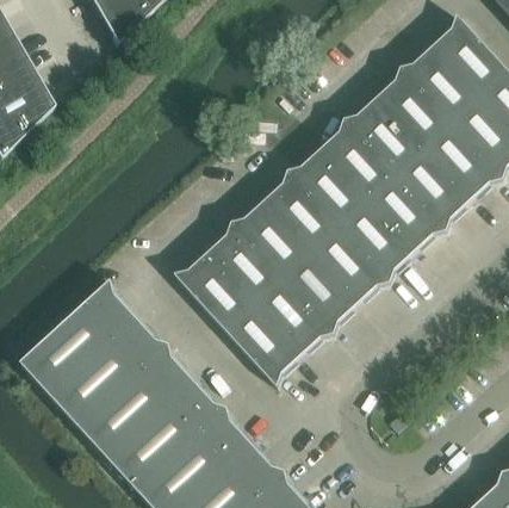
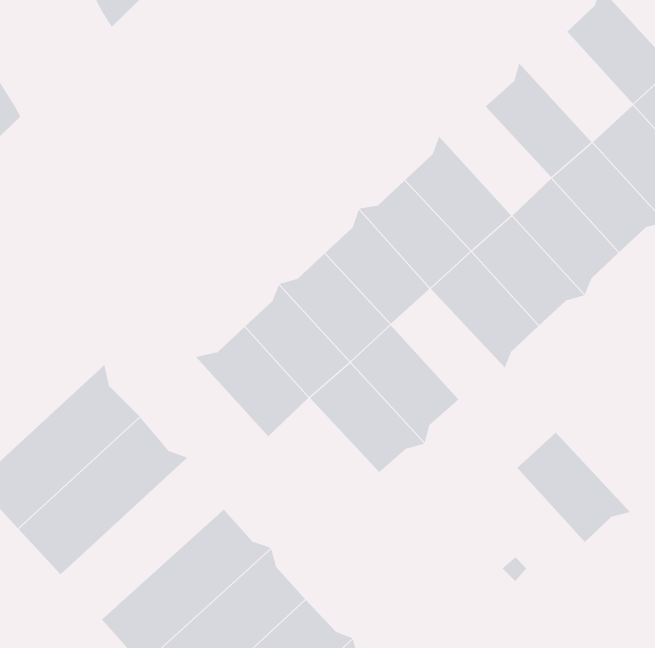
building: [399,45,479,123] -> none
building: [343,98,422,174] -> none
building: [310,225,390,303] -> [517,432,631,543]
building: [224,302,302,386] -> none
building: [79,343,193,457] -> none

